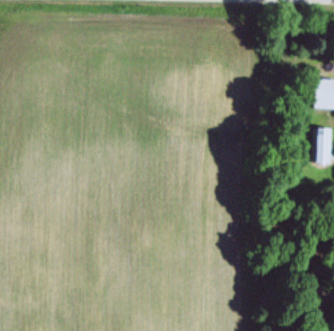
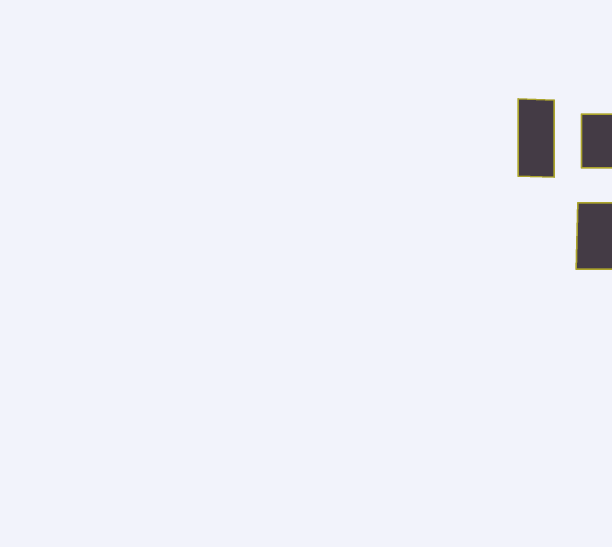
building: none -> [518,99,554,177]

